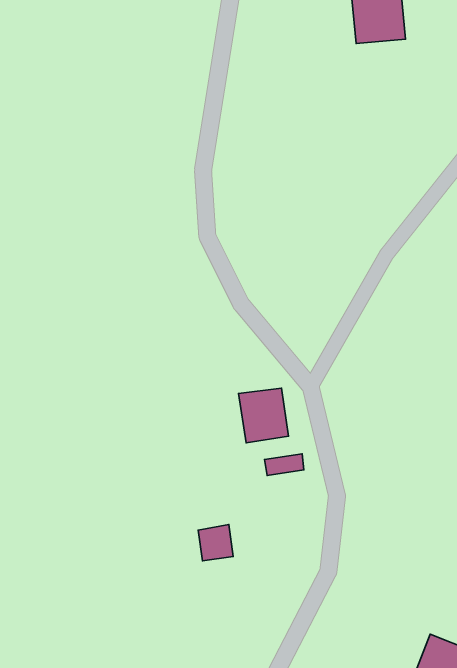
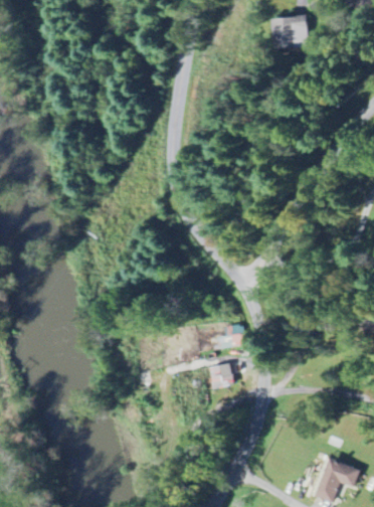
building: [239,388,289,443] -> none
building: [198,525,233,561] -> [206,362,230,387]

